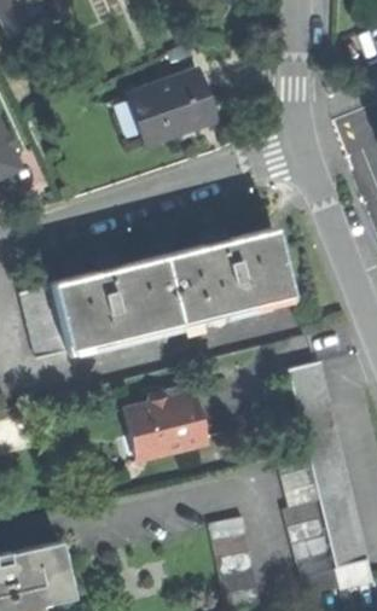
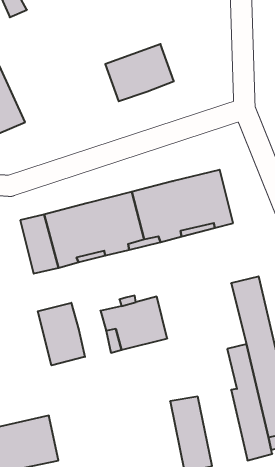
building: none -> [38,303,85,365]

